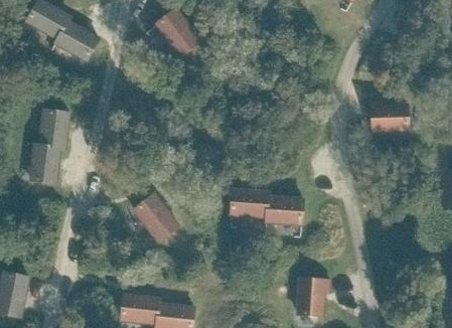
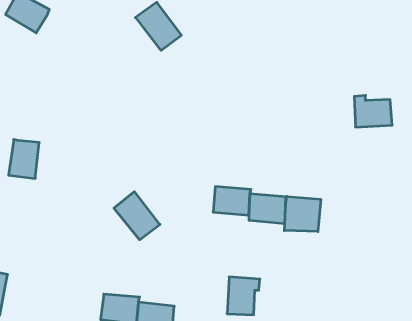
building: [54,21,98,60] -> none
building: [38,110,68,148] -> none
building: none -> [284,196,321,232]
building: [296,278,328,315] -> [227,277,260,315]

